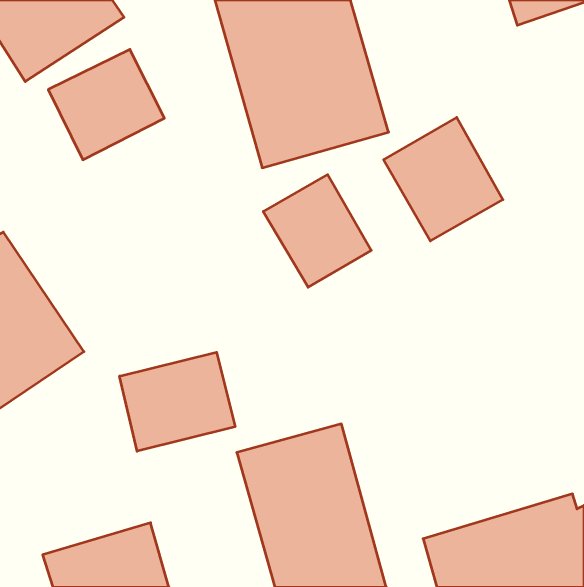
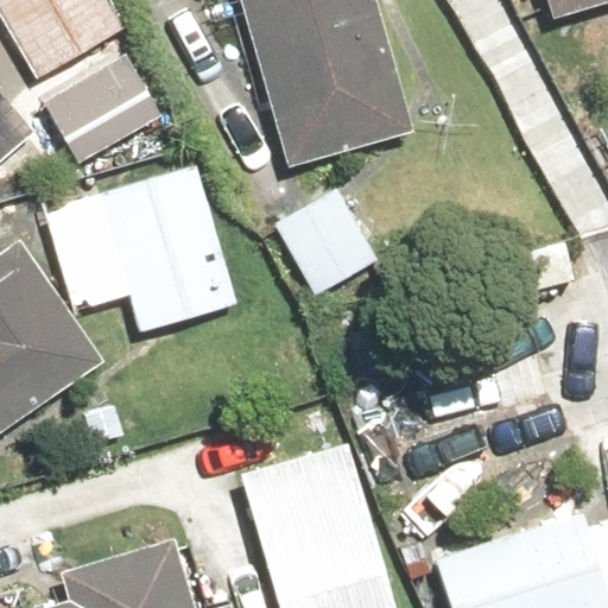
building: [384,117,503,241] -> none
building: none -> [55,169,241,330]
building: [120,352,235,451] -> none

